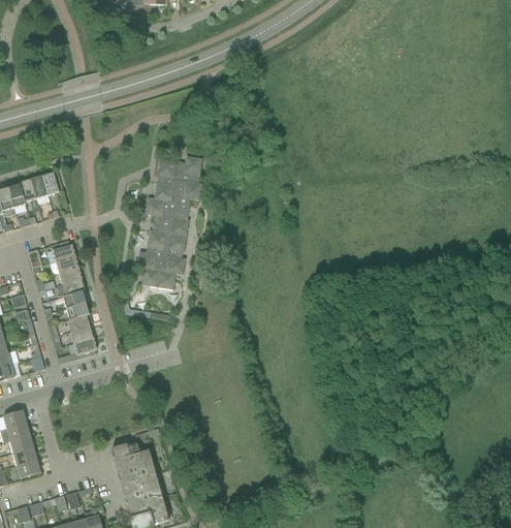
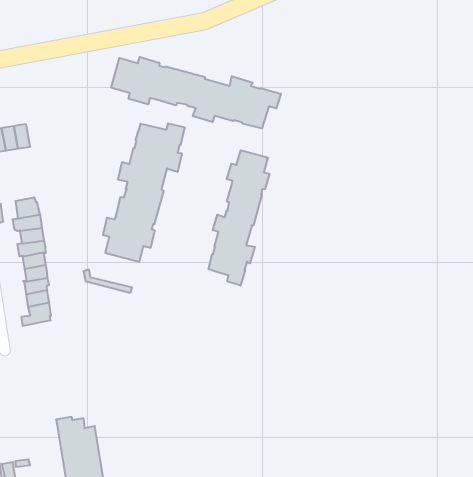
building: none -> [111,57,281,128]
building: none -> [209,150,270,286]

